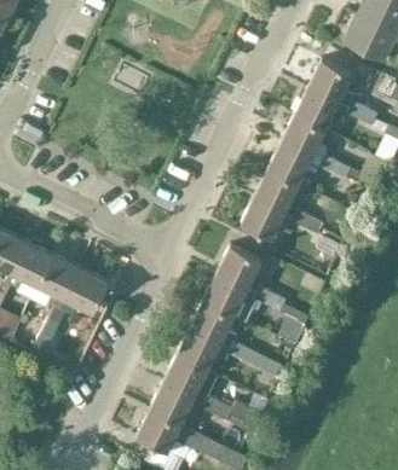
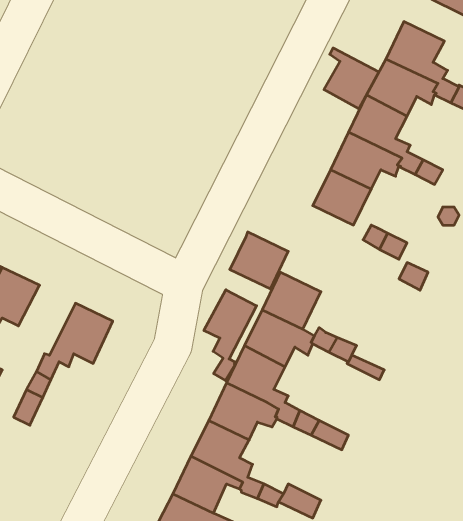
building: none -> [324,48,379,109]
building: [242,196,285,238] -> [230,232,288,289]
building: [36,255,79,307] -> none
building: none -> [204,290,257,381]

